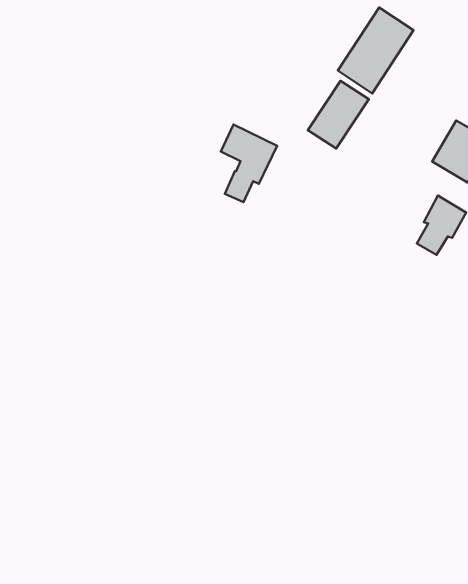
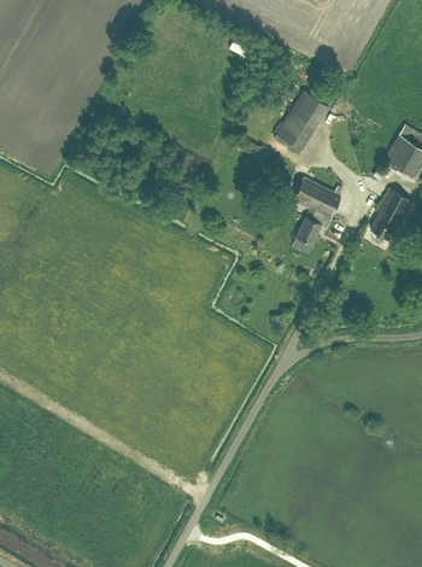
building: [338,7,414,93] -> none
building: [221,124,277,202] -> [292,179,340,245]

